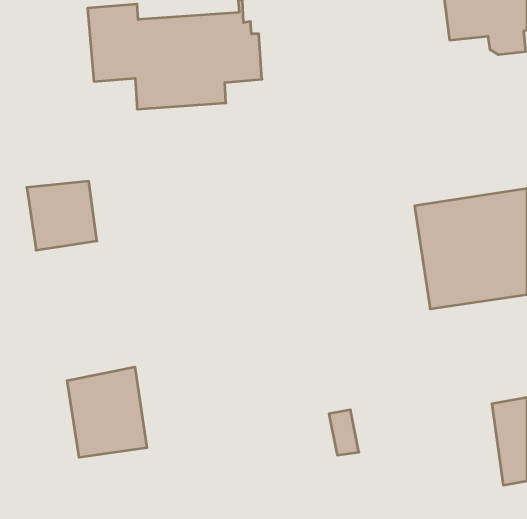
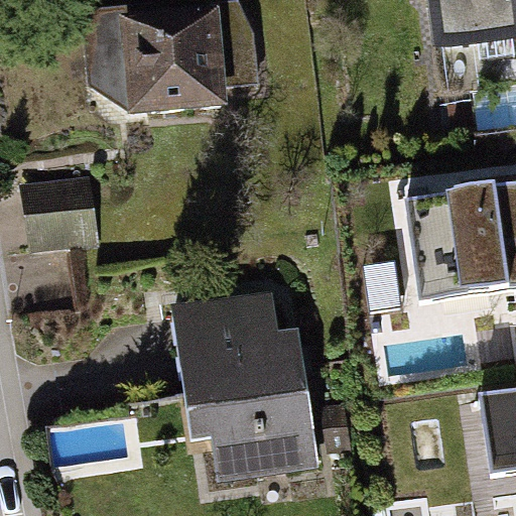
building: none -> [173,299,316,475]
building: [67,367,147,457] -> none

